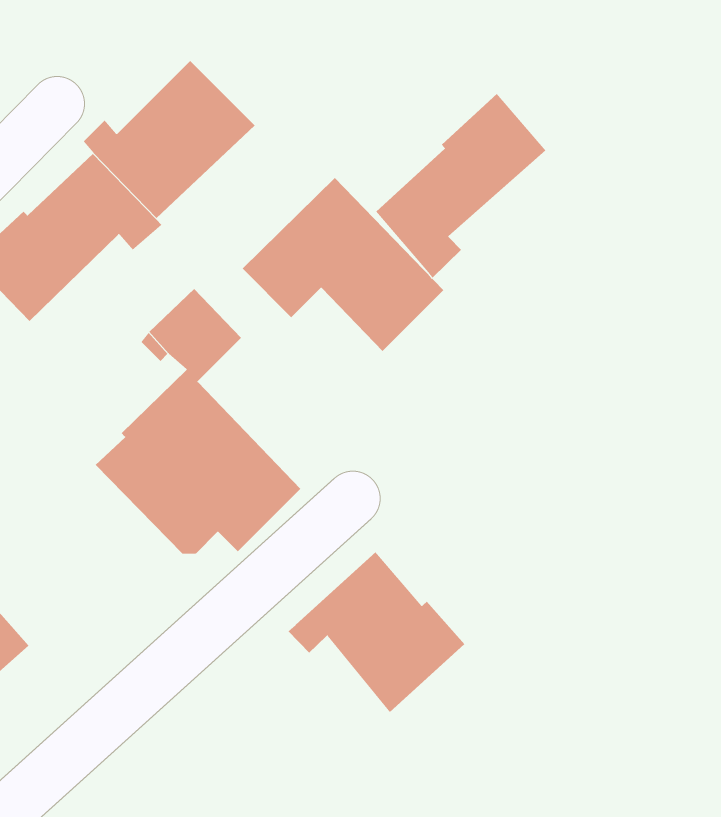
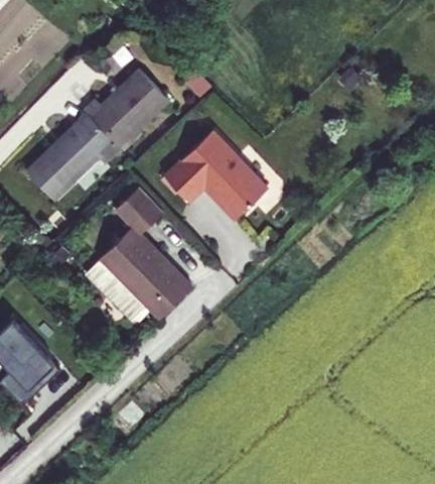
building: [375,93,546,278] -> none
building: [288,552,465,713] -> none

